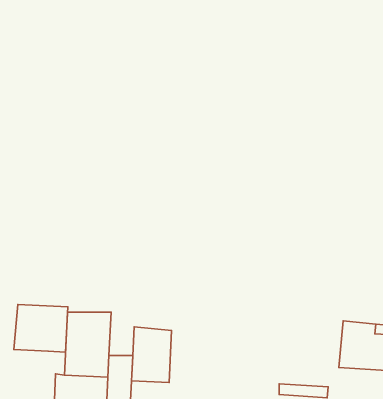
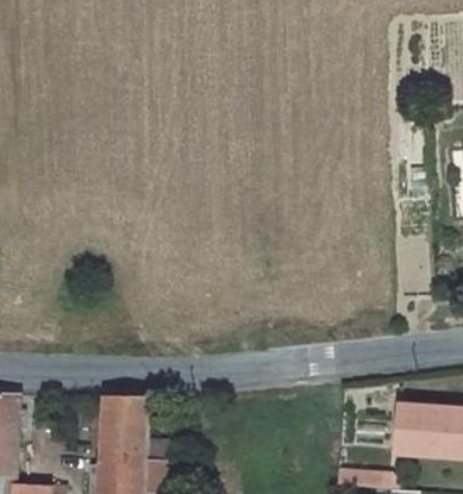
building: [14,304,68,352] -> none
building: [131,327,172,383] -> none

